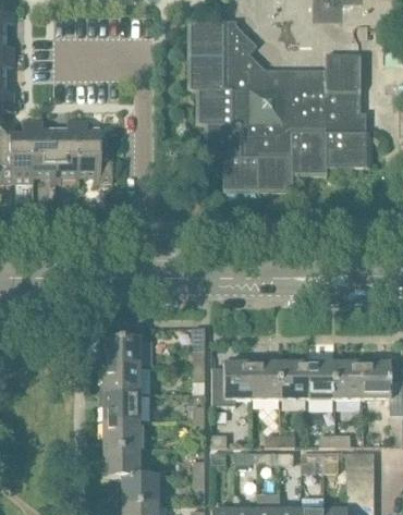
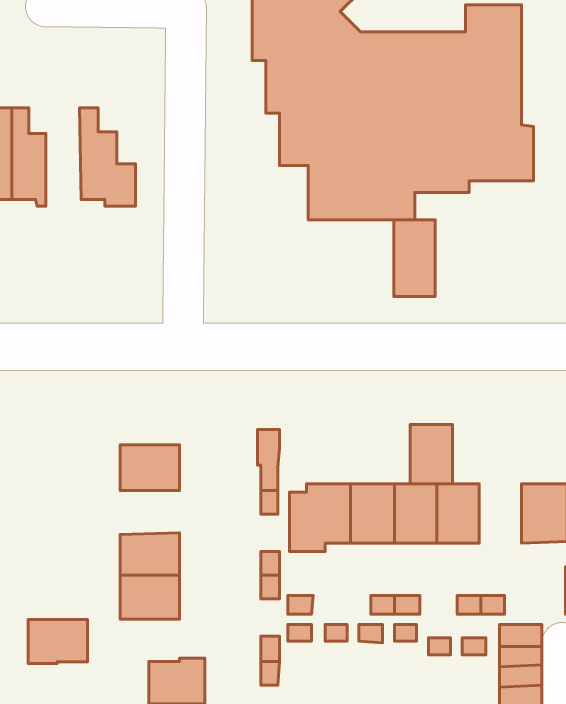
building: [56,120,78,183] -> none
building: none -> [394,220,435,297]
building: [334,361,362,400] -> [410,425,453,484]
building: [103,366,142,394] -> none
building: [103,449,142,477] -> [28,619,88,663]

